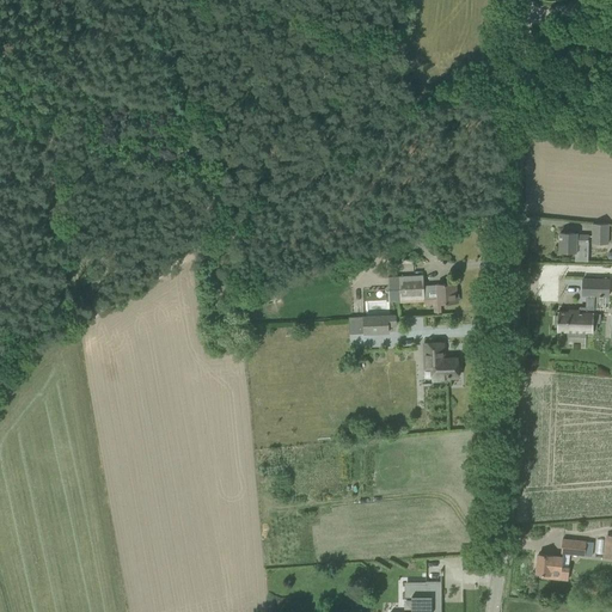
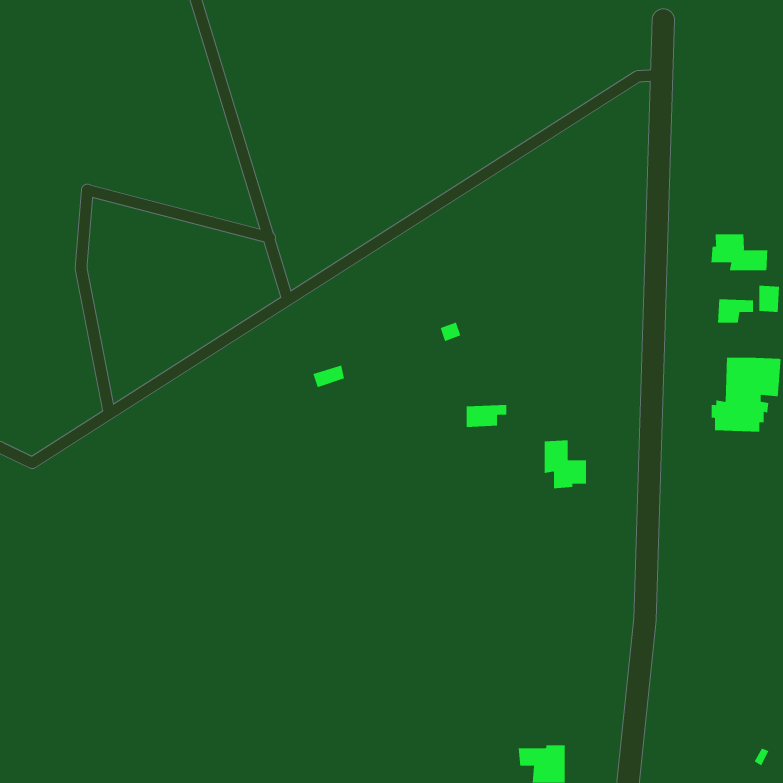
building: none -> [711,234,768,271]
building: [388,275,455,304] -> none
building: [536,538,593,580] -> none

